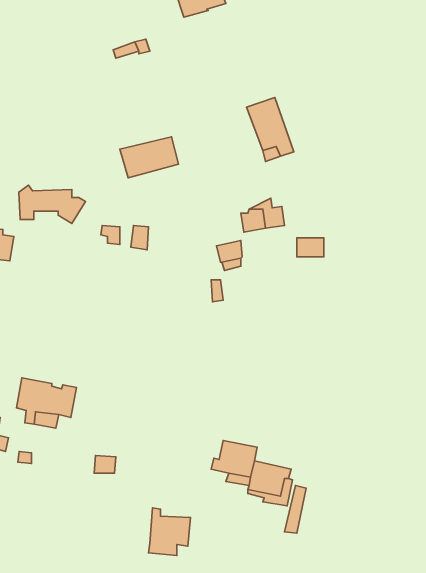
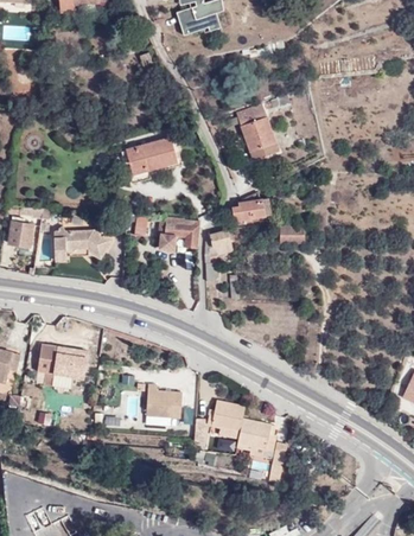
building: [19,185,86,223] -> [55,225,113,259]
building: none -> [159,218,199,250]
building: [148,508,191,556] -> [145,385,181,427]

